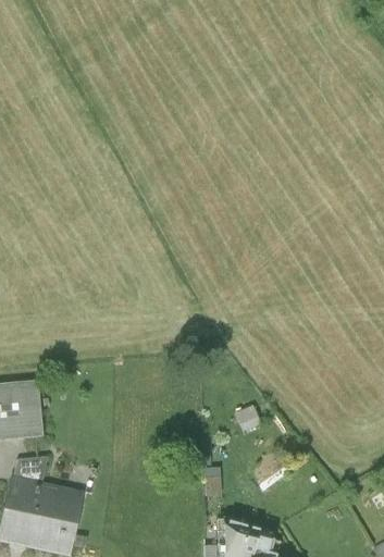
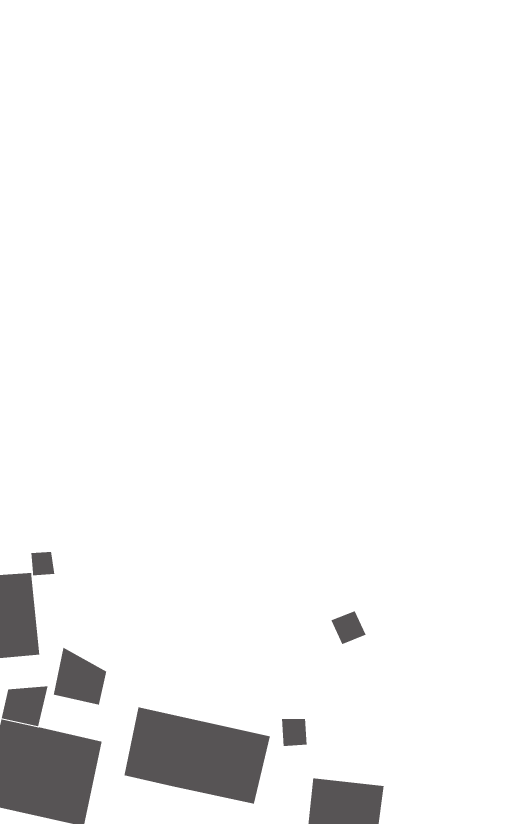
building: none -> [53,647,107,706]
building: none -> [124,706,270,805]

